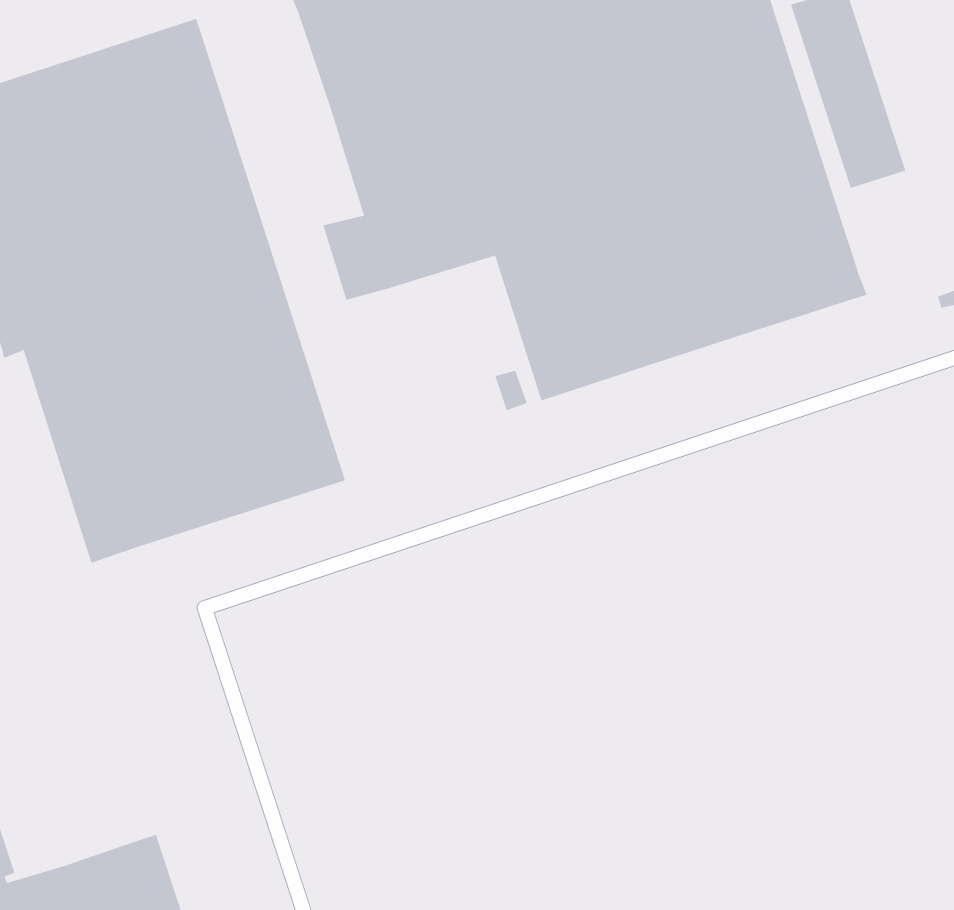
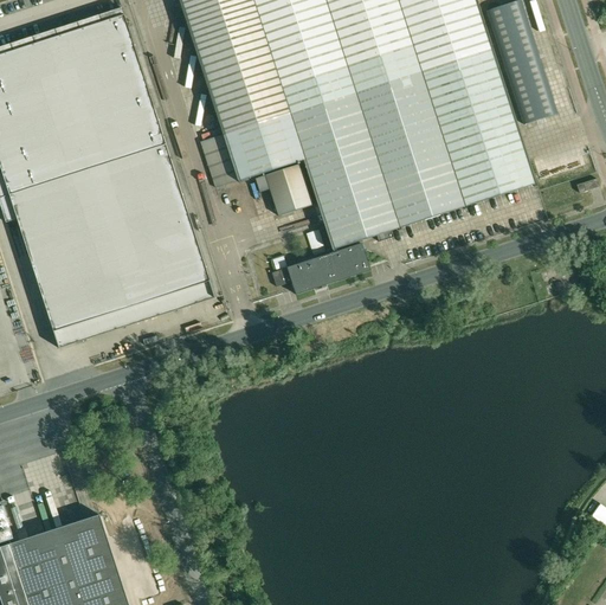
building: none -> [253,163,311,214]
building: none -> [285,243,368,292]

